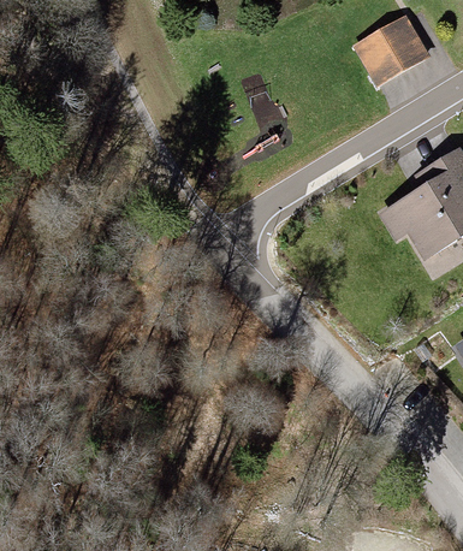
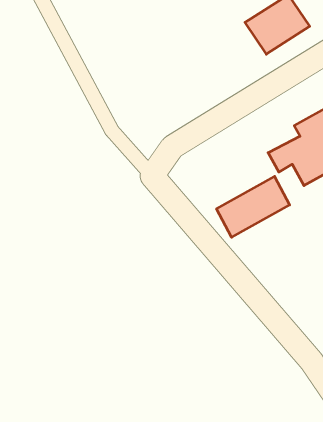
building: none -> [217,176,290,237]

